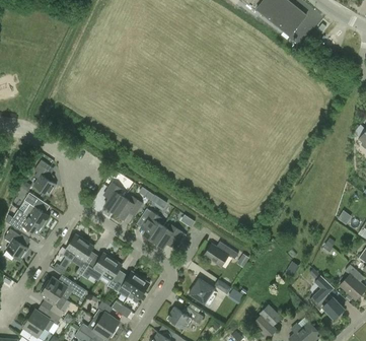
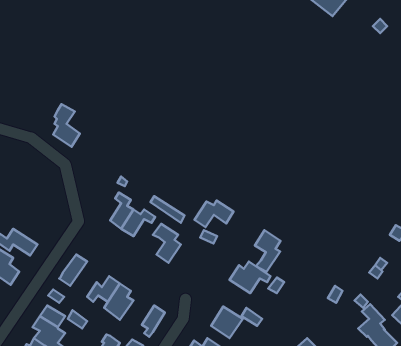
building: [33,160,56,196] -> [53,104,80,147]
building: [23,192,50,226] -> none
building: none -> [255,230,280,272]
building: [153,225,186,248] -> [194,200,233,227]
building: [71,241,94,275] -> none
building: [113,271,141,297] -> none

